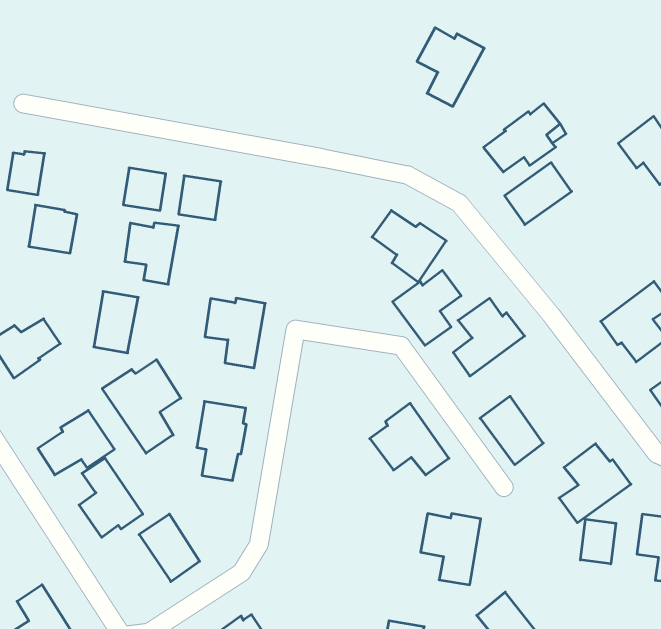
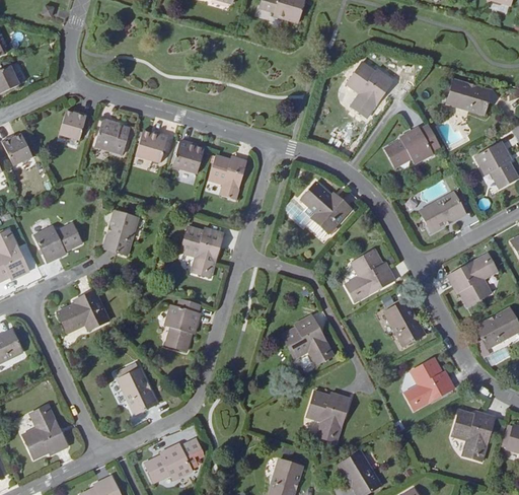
building: none -> [447,79,491,115]
building: [505,163,572,225] -> [420,193,465,232]
building: [29,205,77,253] -> [94,119,130,154]
building: [125,223,179,284] -> [208,154,247,199]
building: [393,270,461,345] -> none
building: [102,360,181,453] -> none
building: [480,396,543,465] -> [384,299,425,346]
building: [79,458,143,537] -> none
building: [580,519,616,564] -> none

